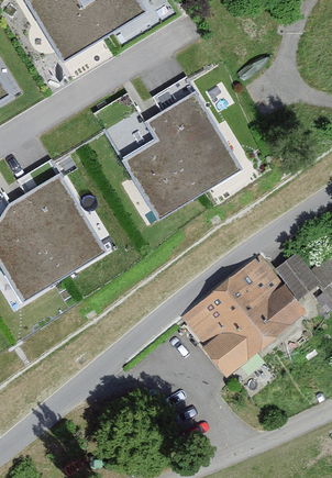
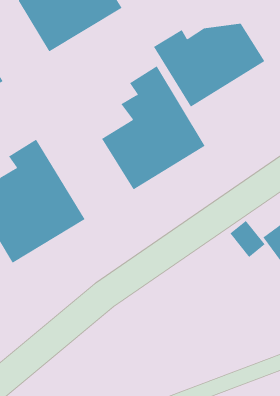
building: none -> [153,23,265,108]
building: [176,255,296,376] -> none

